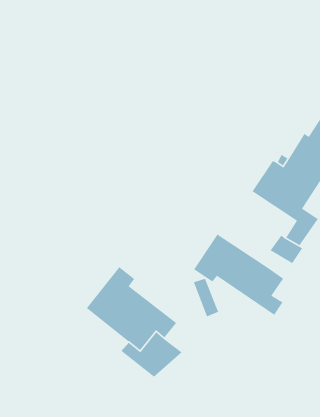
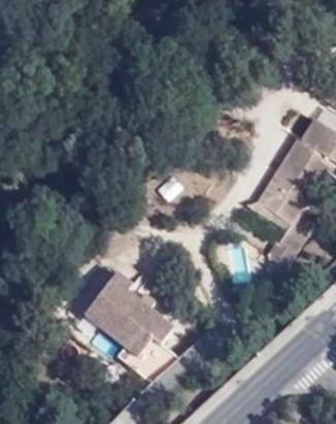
building: [193,233,284,316] -> none

